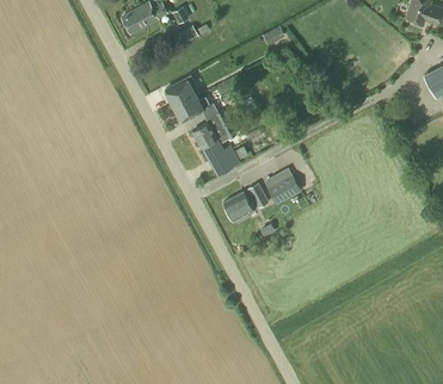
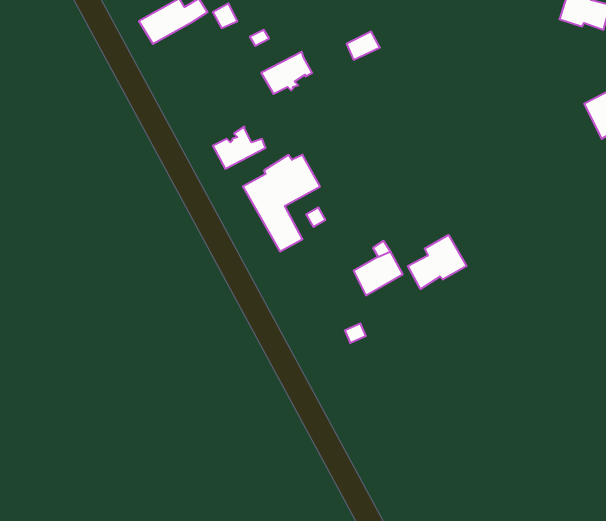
building: [164,75,198,104] -> [261,52,312,94]
building: none -> [408,235,467,289]
building: [223,184,269,223] -> none

